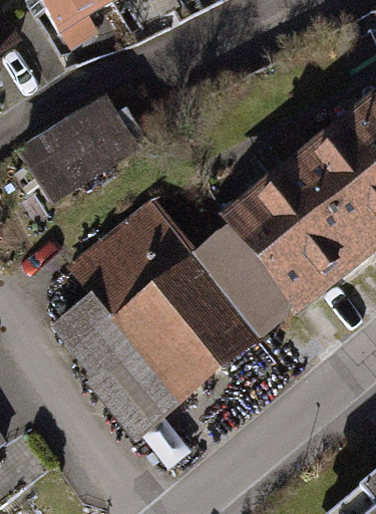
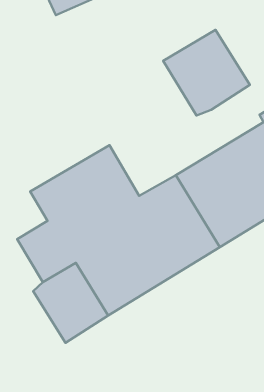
building: none -> [163,30,250,116]
building: [25,104,146,214] -> none

